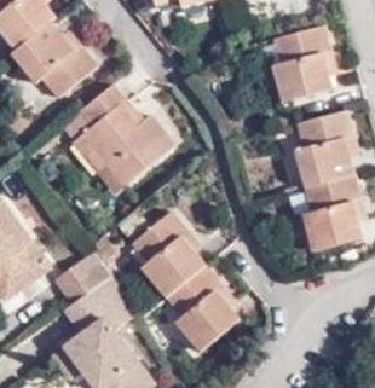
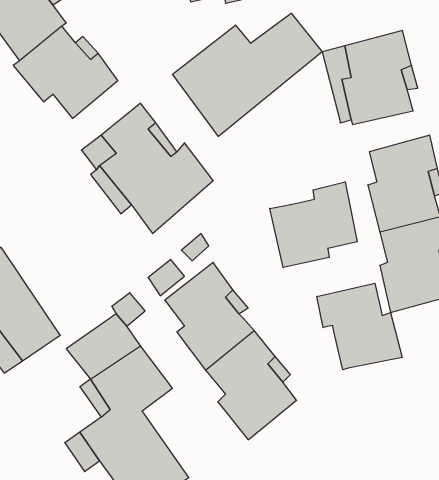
building: none -> [173,13,322,136]
building: none -> [270,182,357,268]
building: none -> [317,283,402,370]

